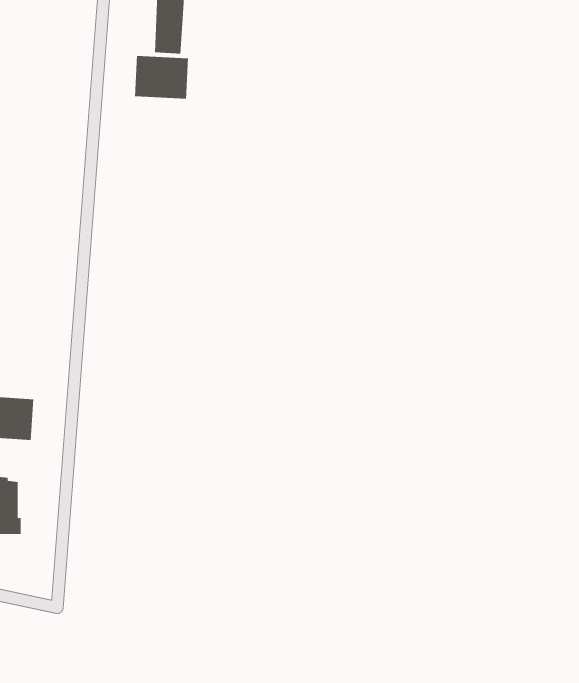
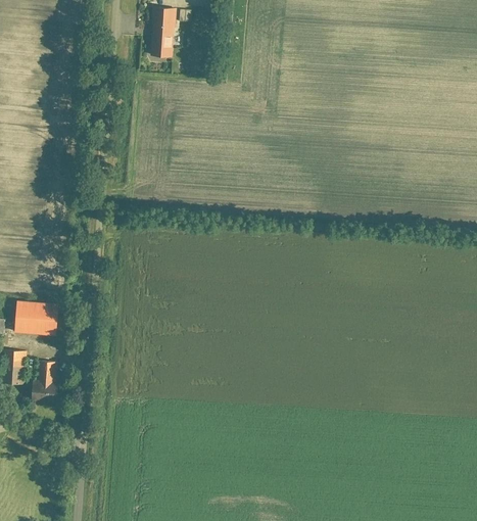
building: [135,55,188,99] -> none

